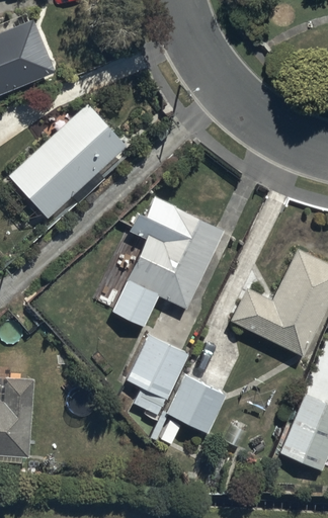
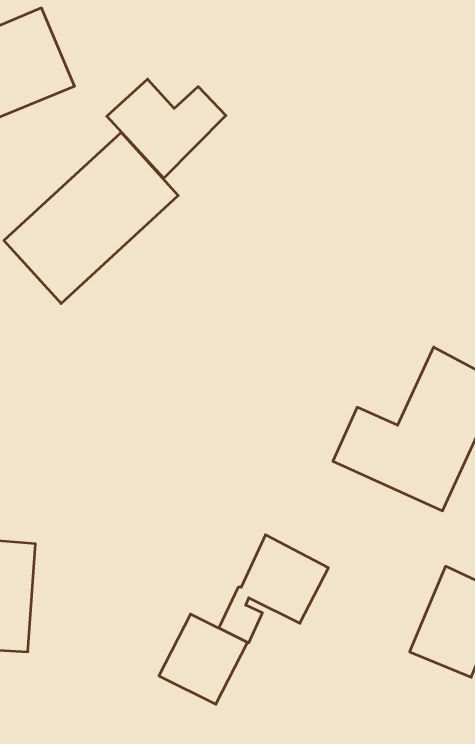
building: none -> [107,79,226,178]
building: [113,197,237,327] -> none
building: [129,337,188,398] -> [159,614,248,704]

